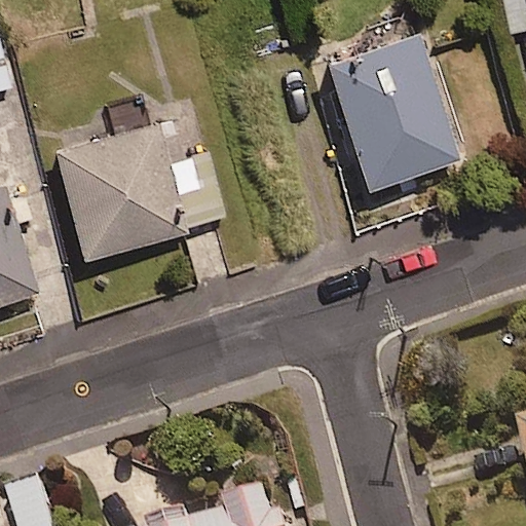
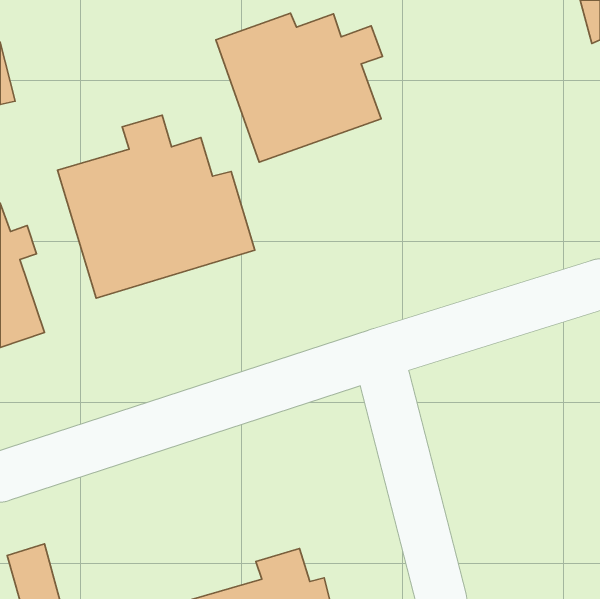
building: none -> [216,13,382,162]
building: [322,33,462,194] -> none

